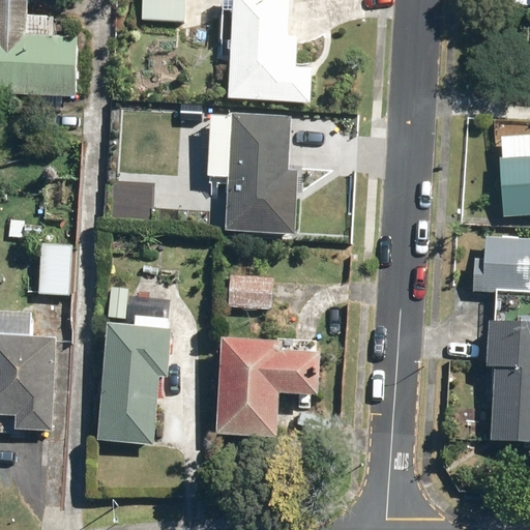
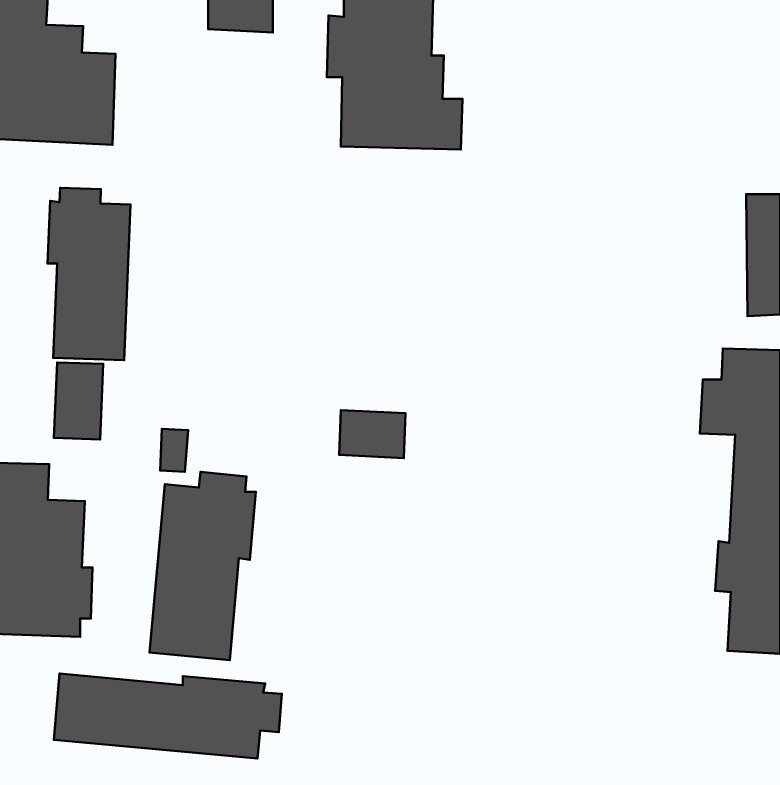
building: [207,114,298,231] -> none
building: none -> [48,188,130,360]
building: [218,337,323,438] -> none
building: none -> [54,674,282,759]

